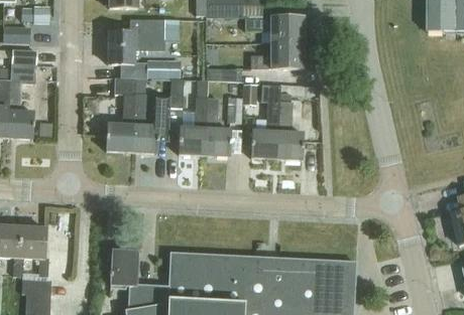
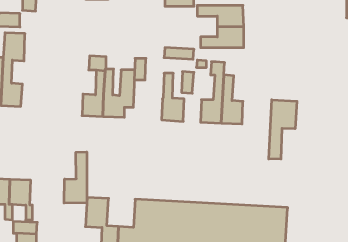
building: [108,19,164,63] -> none
building: [146,59,176,77] -> none
building: [178,98,206,155] -> none
building: none -> [269,100,297,159]
building: none -> [64,152,87,203]

